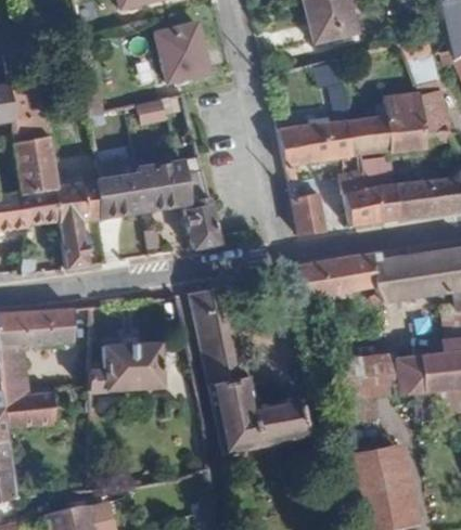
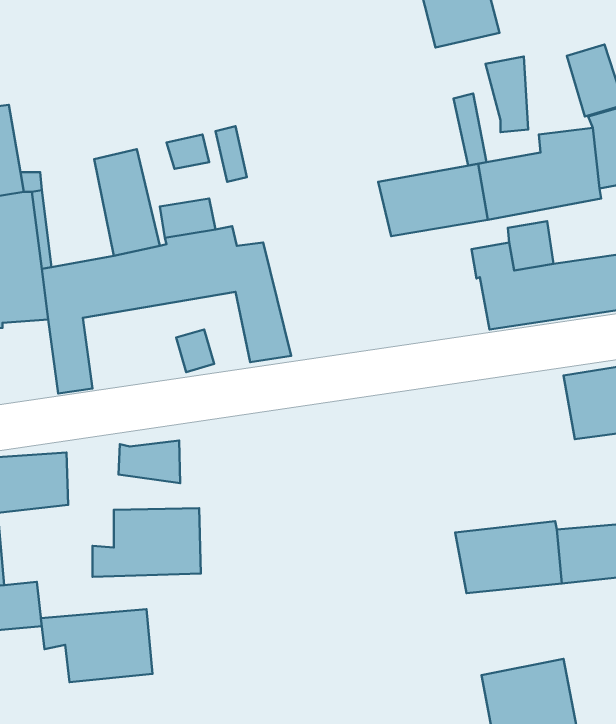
building: [154,21,209,81] -> none
building: none -> [485,57,528,132]
building: [293,194,324,235] -> none
building: [298,254,381,300] -> none
building: [189,288,311,454] -> none
building: none -> [118,440,180,483]
building: none -> [41,609,153,682]

